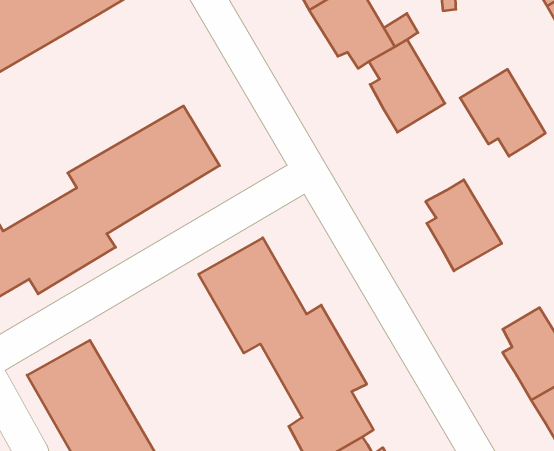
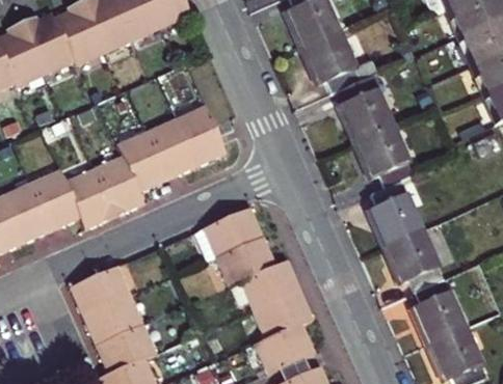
building: [460,69,545,156] -> [355,126,414,188]
building: none -> [385,230,443,292]

